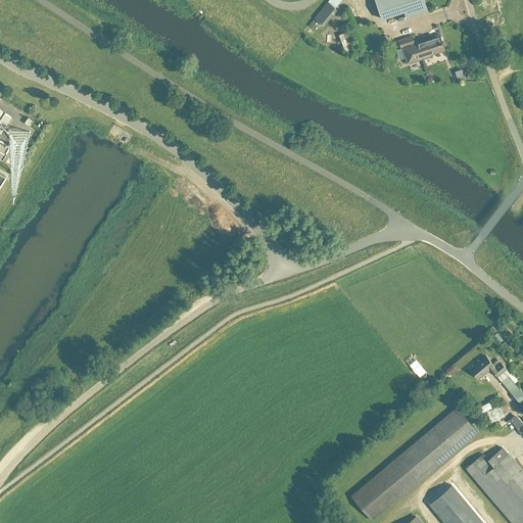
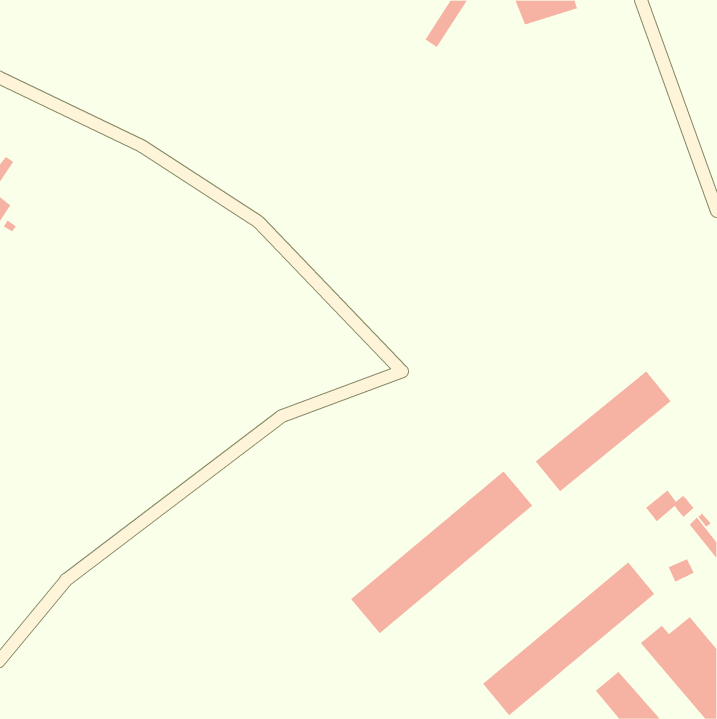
building: [397,34,443,63] -> none
building: none -> [535,371,672,492]
building: none -> [350,471,533,634]

